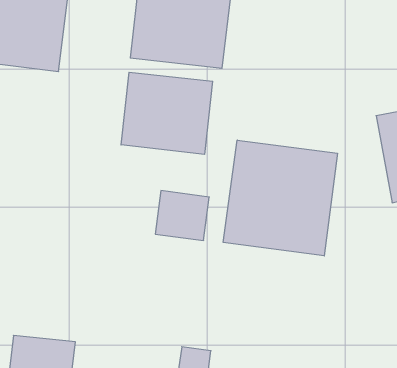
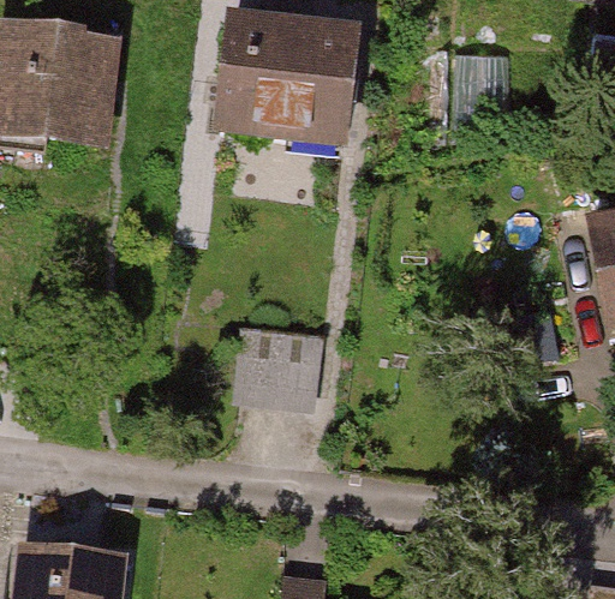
building: [121,72,213,154] -> none
building: [223,140,337,256] -> none

